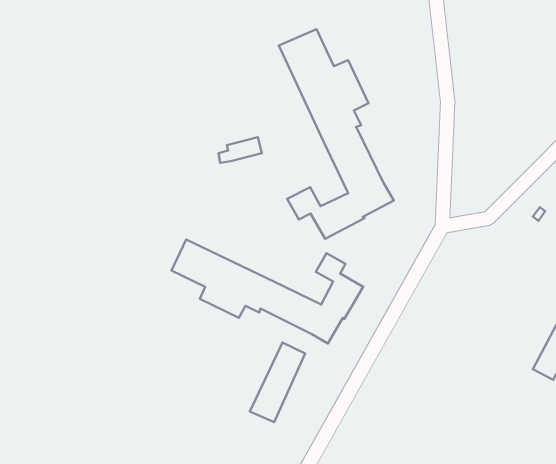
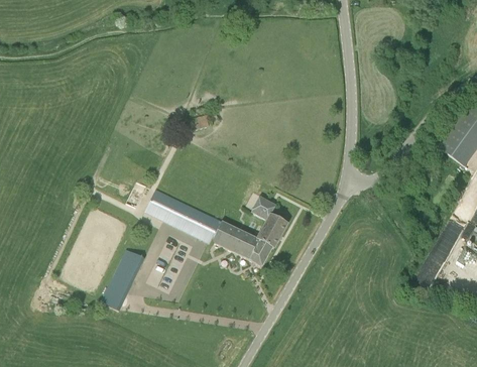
building: [279,29,394,239] -> none
building: [250,343,305,422] -> [101,250,142,310]

